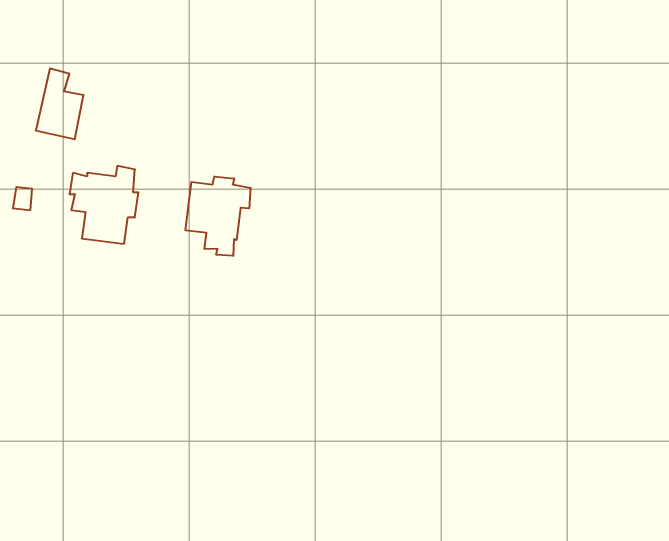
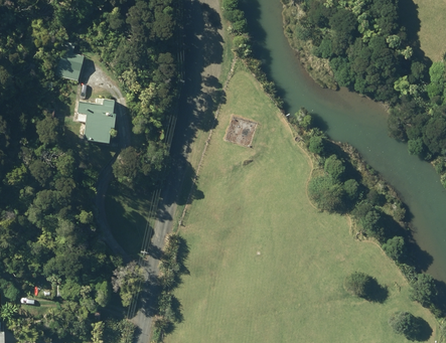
building: [186,176,251,256] -> none

